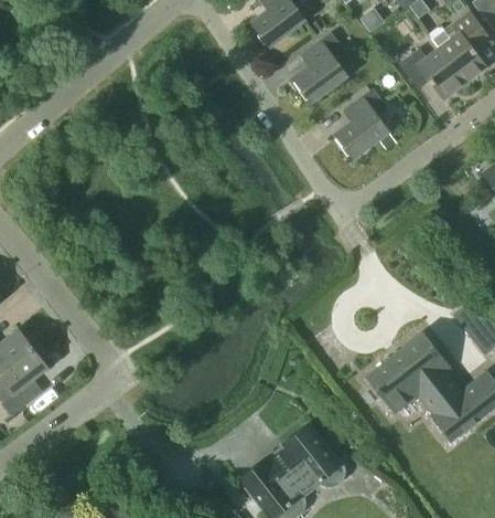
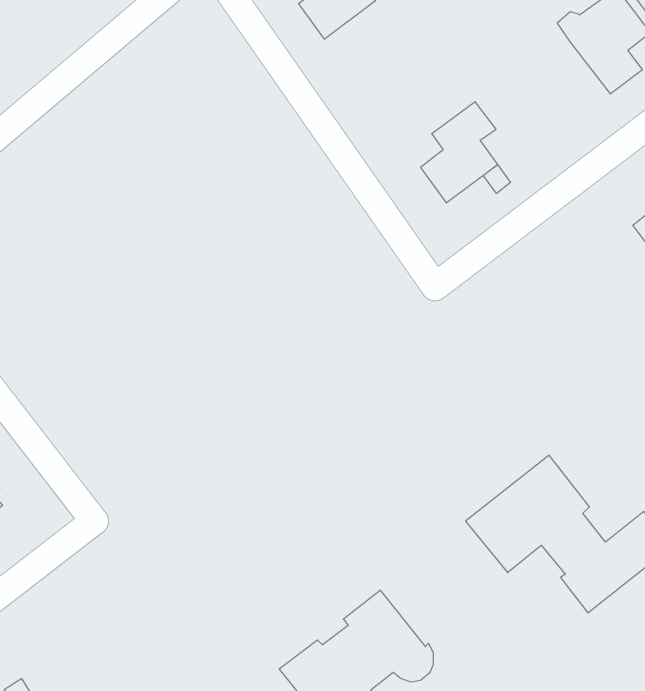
building: [293,32,346,102] -> none
building: [399,47,465,99] -> none

